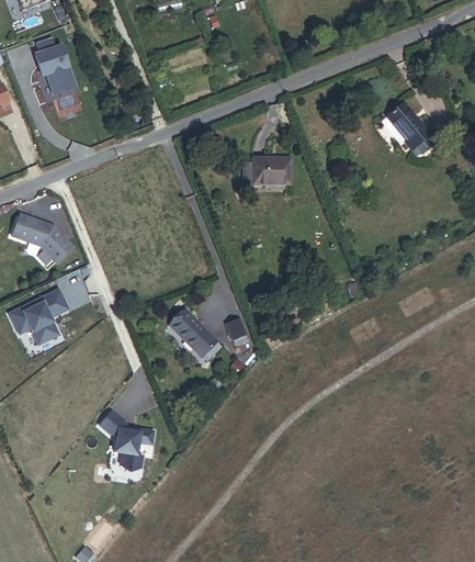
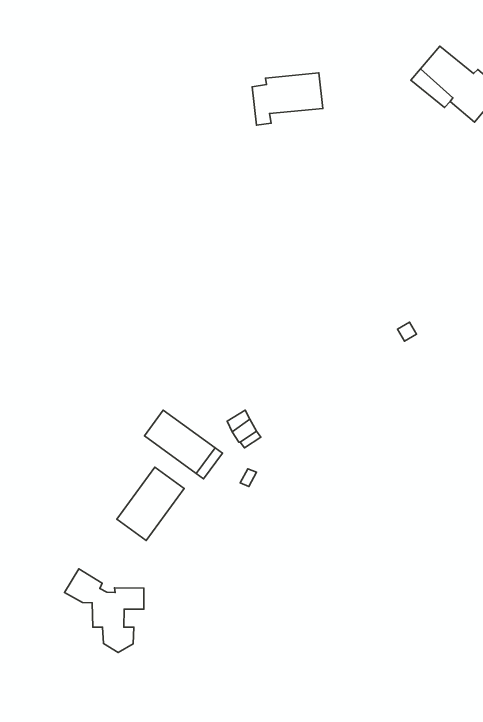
building: [237,156,284,187] -> [252,73,323,125]
building: none -> [117,467,184,541]

